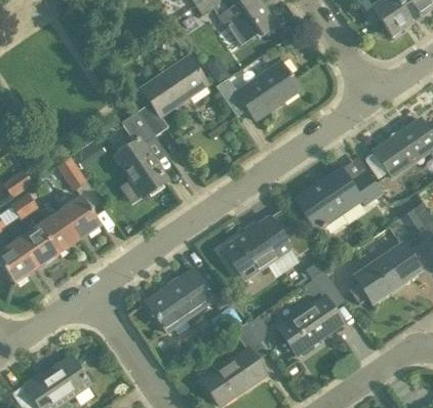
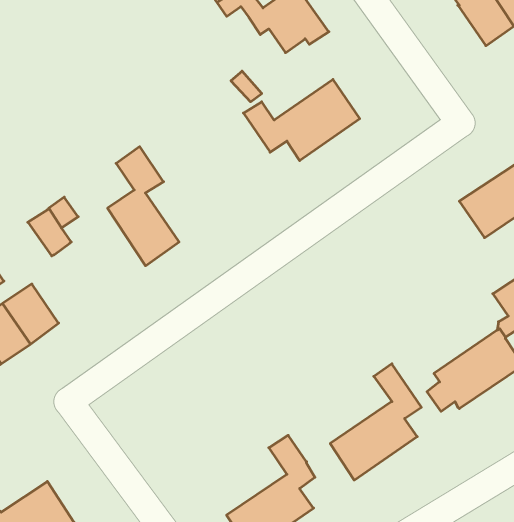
building: [139,55,207,135] -> none
building: [294,168,382,231] -> none
building: [60,196,101,239] -> none
building: [223,216,314,280] -> none
building: [146,269,232,332] -> none

